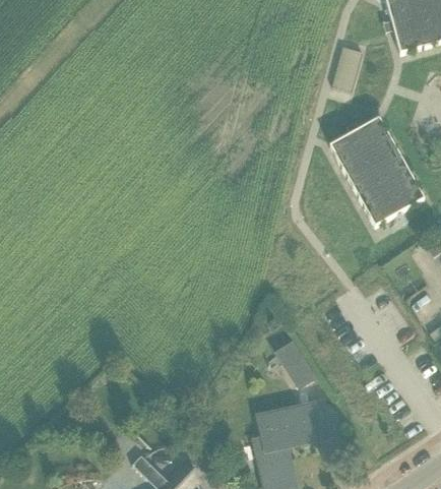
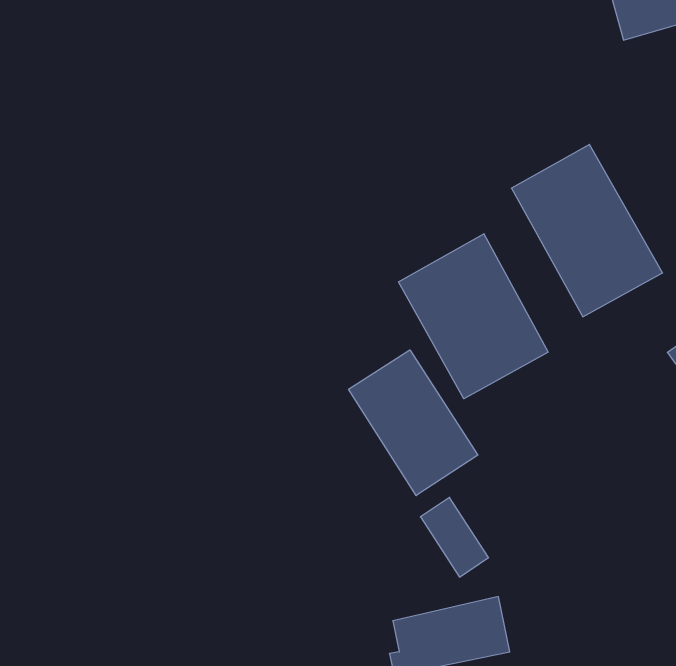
building: none -> [399,234,548,399]
building: none -> [349,350,478,496]

